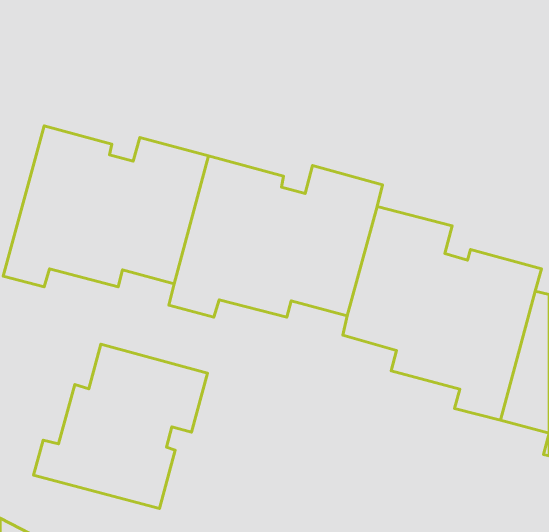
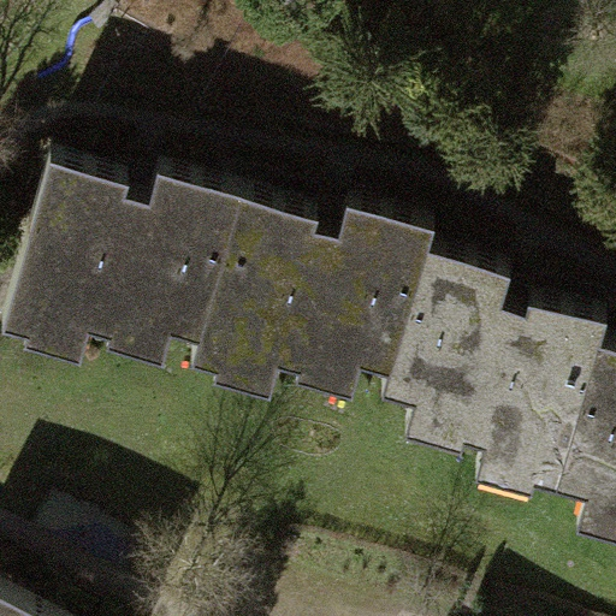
building: [34,344,208,509] -> none

